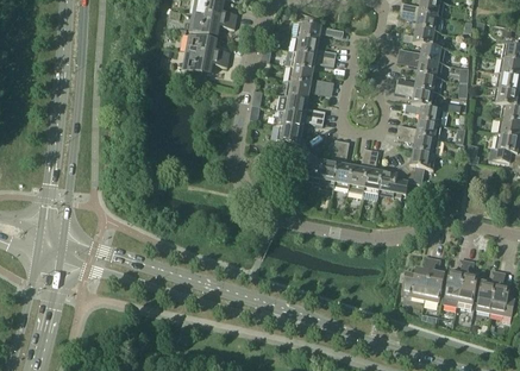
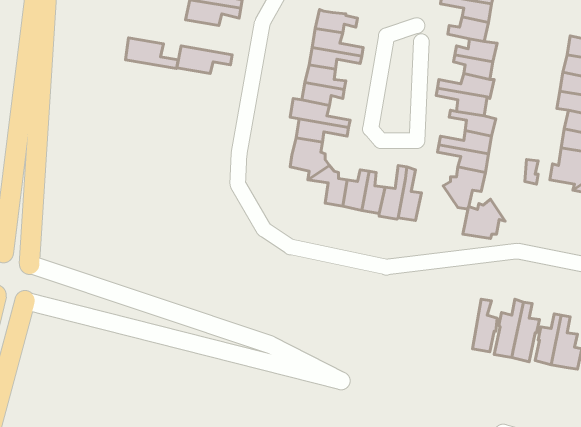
building: [187,33,230,58] -> [126,38,178,69]
building: [378,165,413,197] -> [463,199,505,238]
building: [399,257,432,298] -> none

